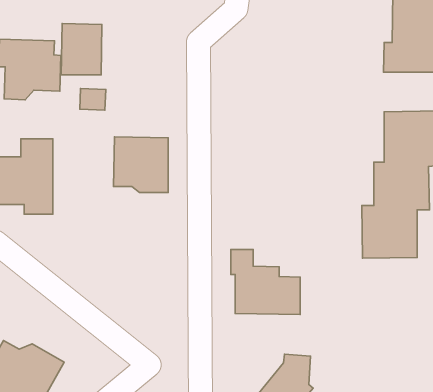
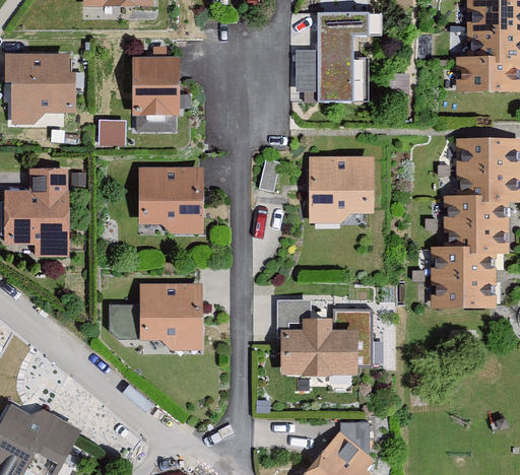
building: none -> [298,11,381,101]
building: [61,24,102,75] -> [132,56,180,116]
building: none -> [309,156,375,223]
building: none -> [110,283,201,346]

